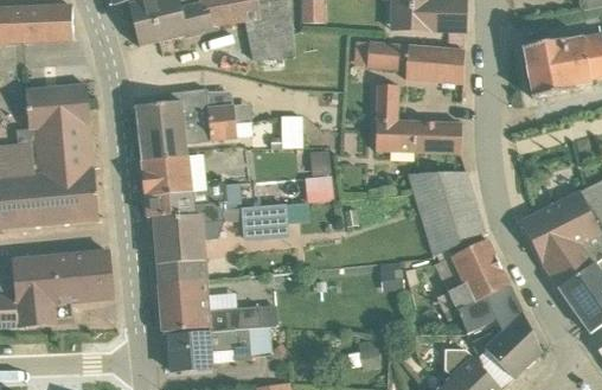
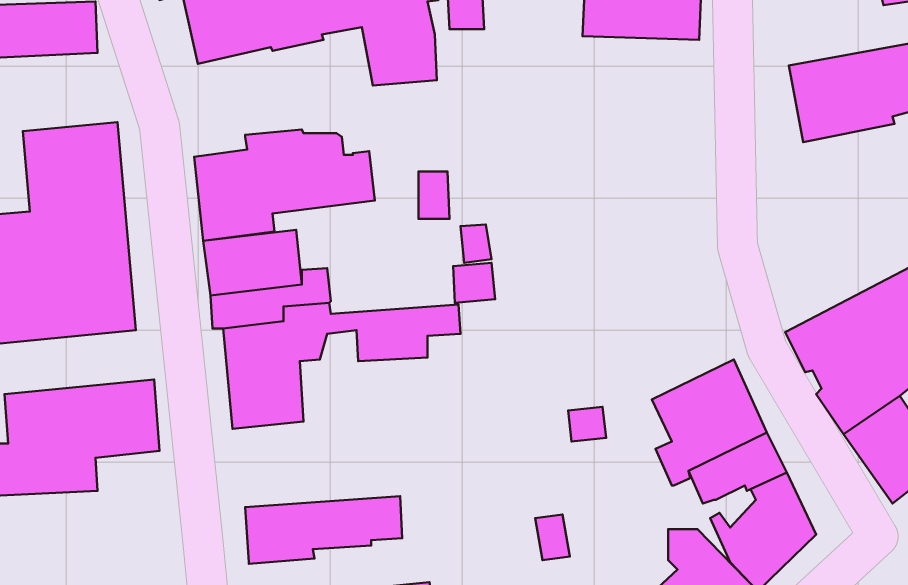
building: [366,40,462,82] -> none
building: [374,84,460,152] -> none
building: [404,171,483,255] -> none
building: [158,277,275,330] -> none

